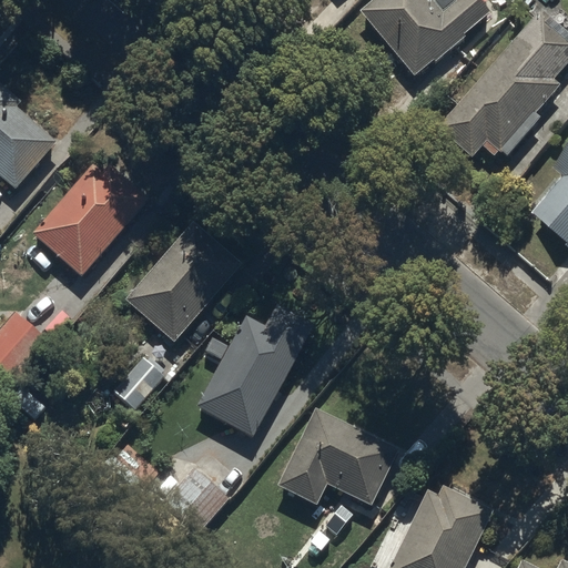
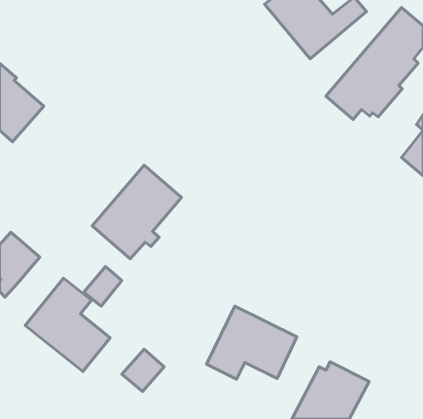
building: [31,164,149,277] -> none
building: [196,303,313,437] -> none
building: none -> [25,278,110,372]

